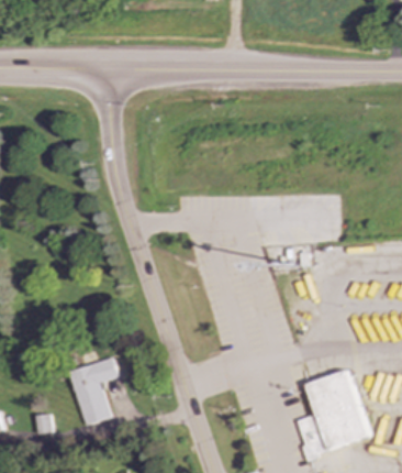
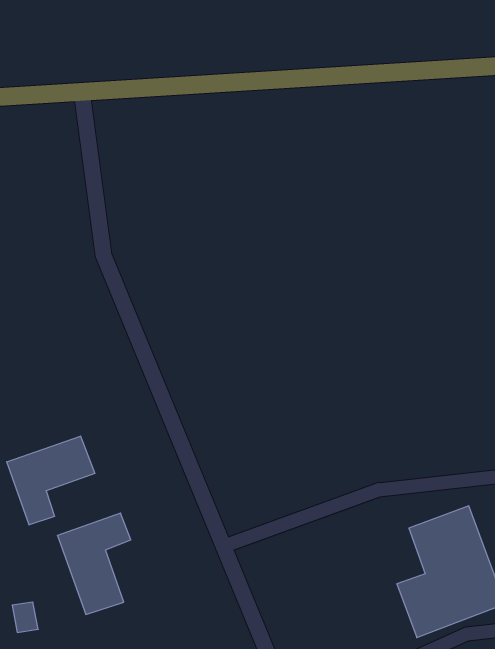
building: none -> [7,436,95,525]

